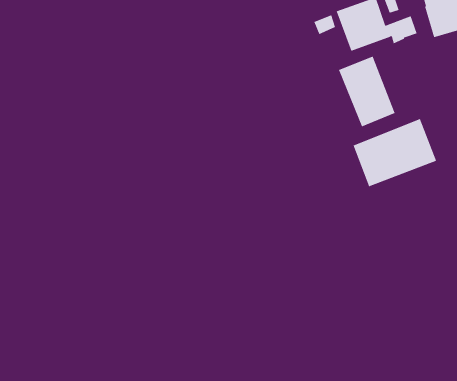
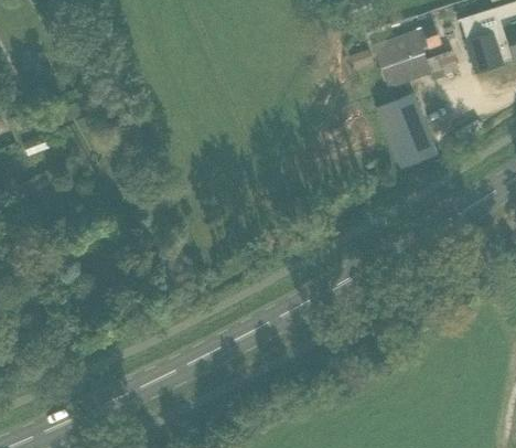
building: [353,118,437,187] -> none

